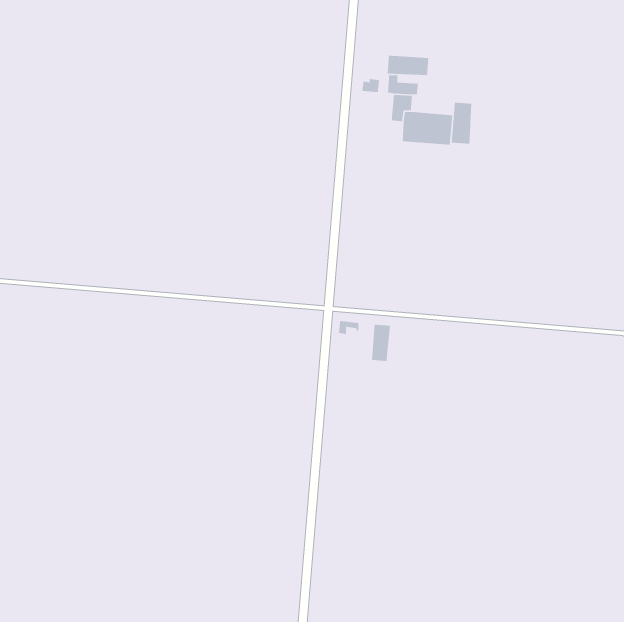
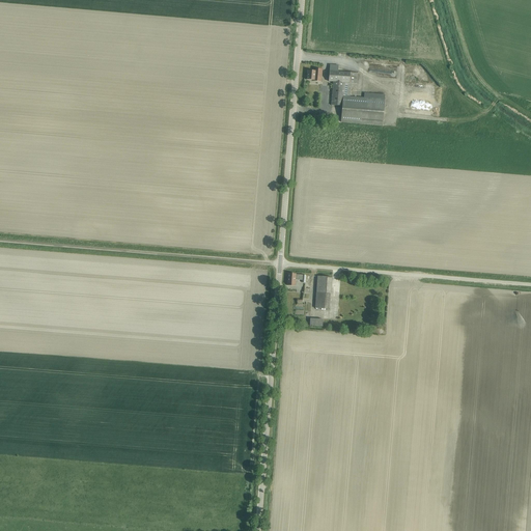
building: [387,55,429,76] -> none
building: [451,102,472,144] -> none

